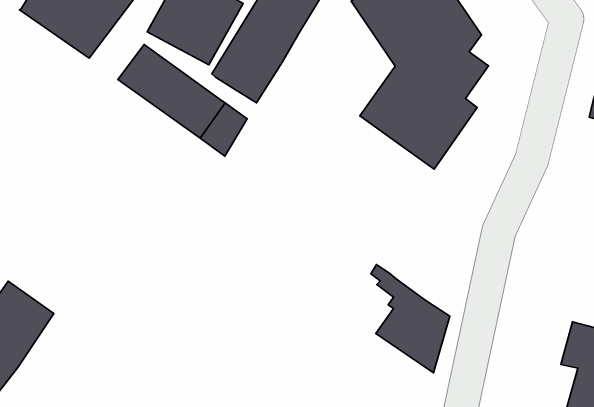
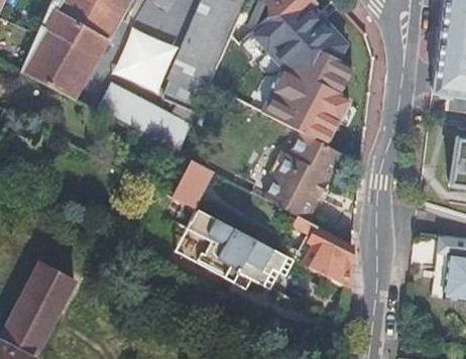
building: none -> [264,129,343,220]
building: none -> [173,159,211,206]
building: none -> [188,208,287,284]

